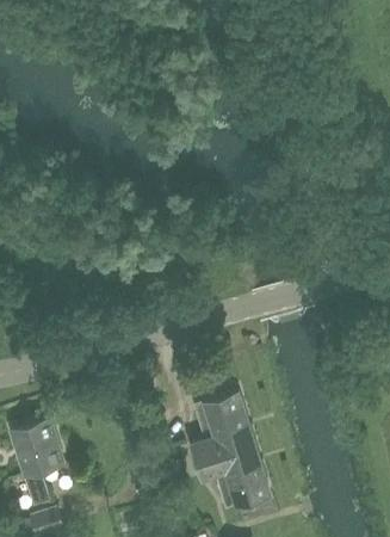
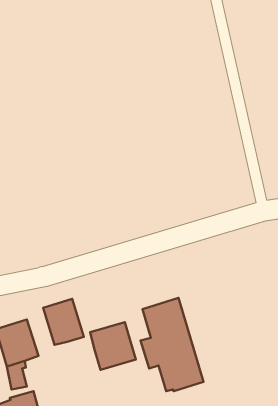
building: none -> [43,299,84,345]
building: none -> [90,322,136,370]

